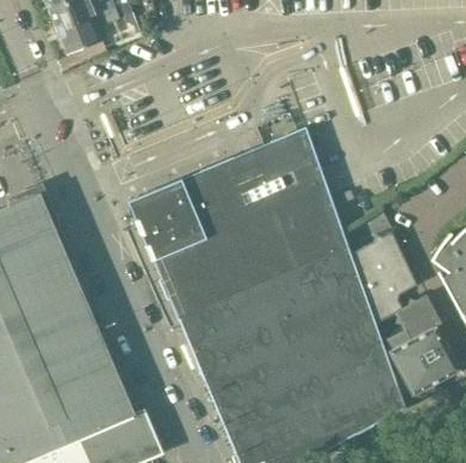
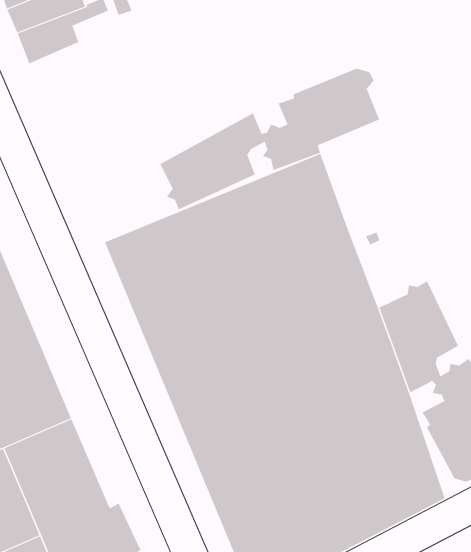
building: none -> [160,68,380,210]

